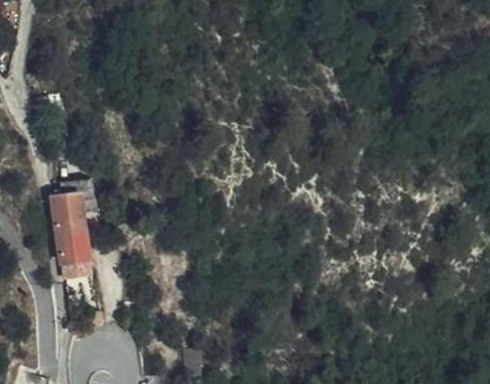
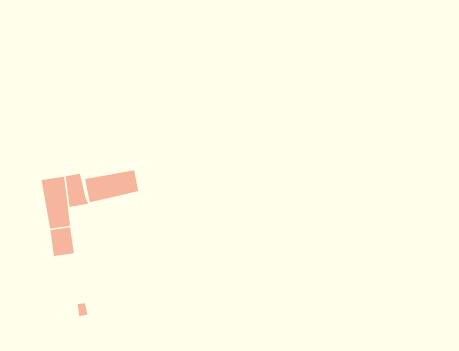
building: none -> [84,170,139,203]

